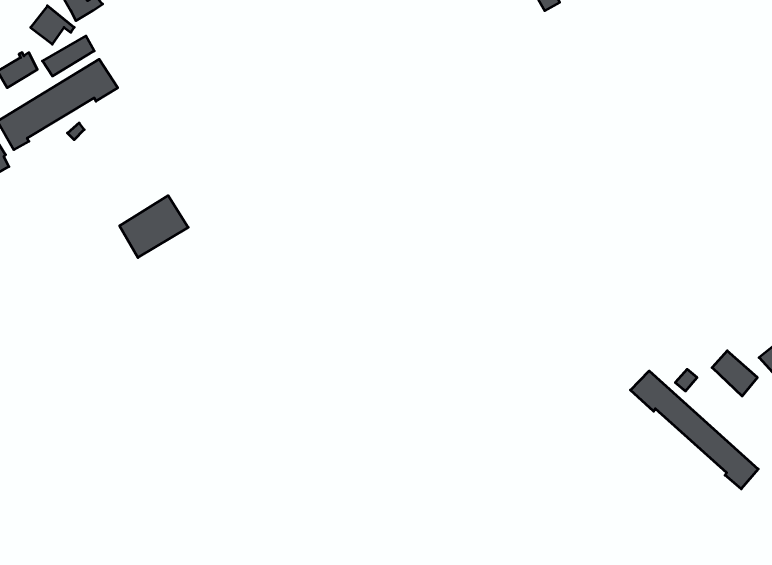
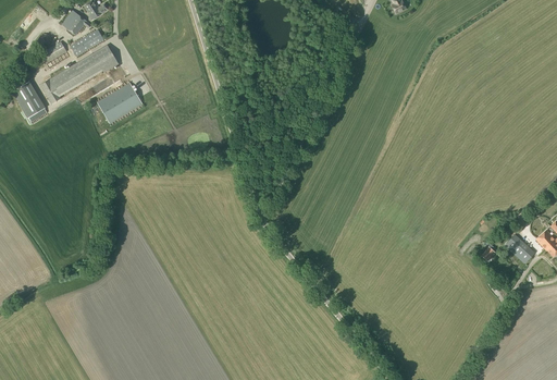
building: [120,196,188,258] -> [98,83,143,123]
building: [630,371,758,489] -> none

